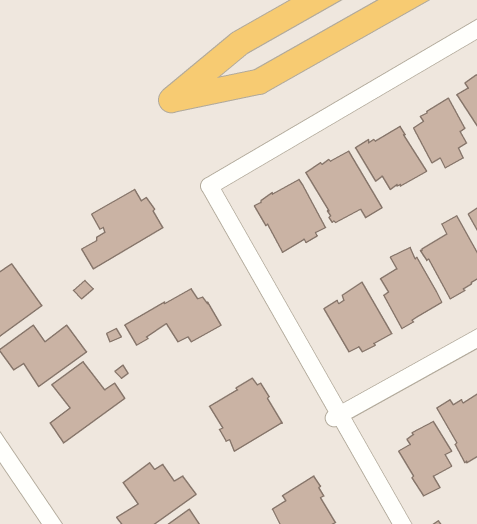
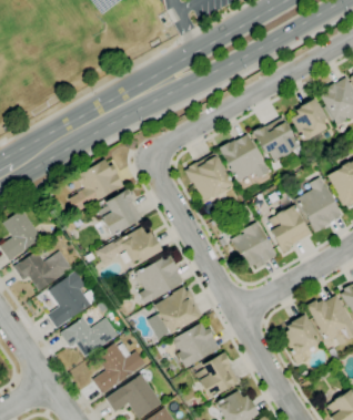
building: none -> [94,189,143,240]
building: none -> [135,254,184,304]
building: none -> [61,317,119,358]
building: none -> [173,322,221,368]

